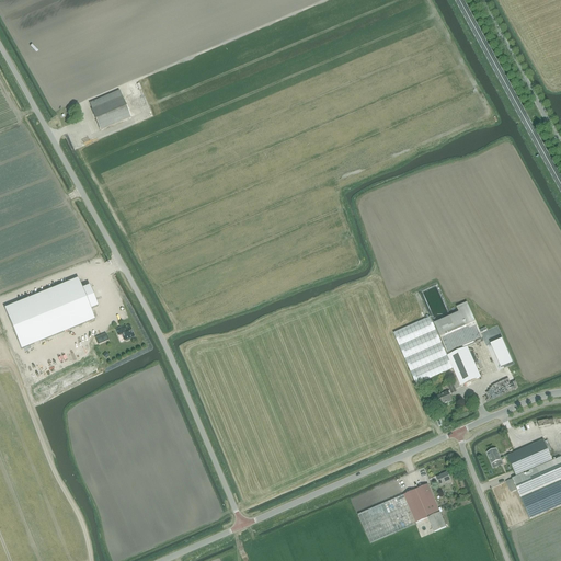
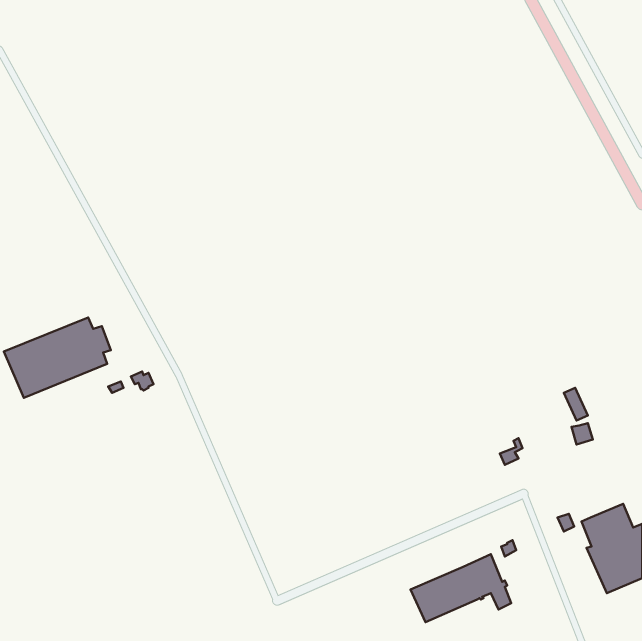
building: [89,89,133,128] -> none
building: [392,300,481,385] -> none

